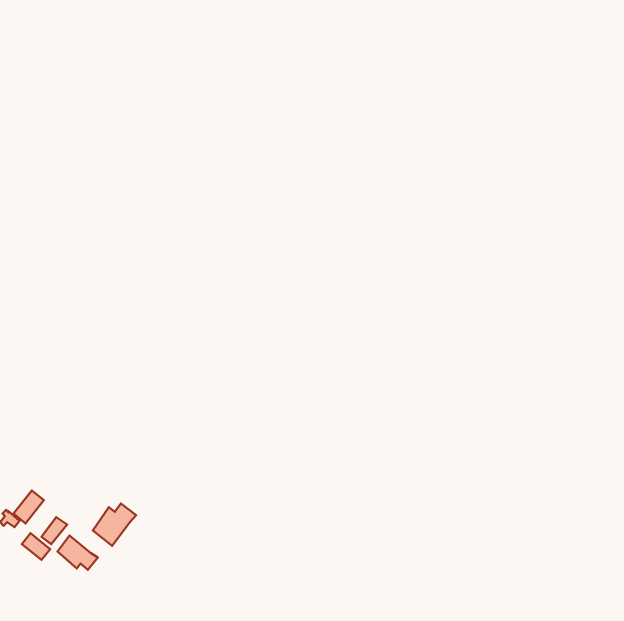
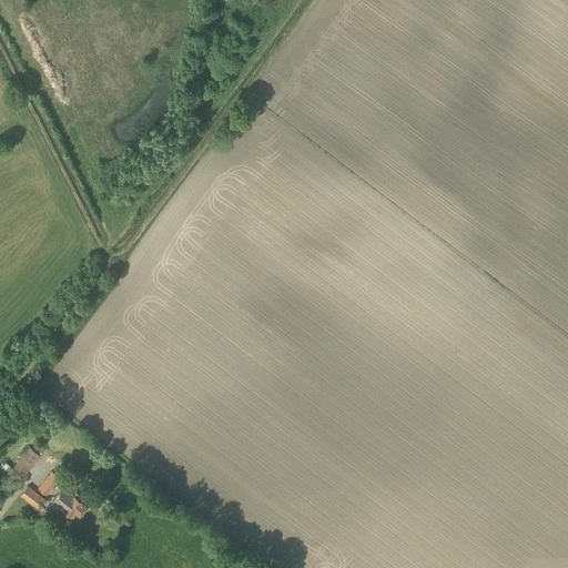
building: [93,503,136,546] -> none

